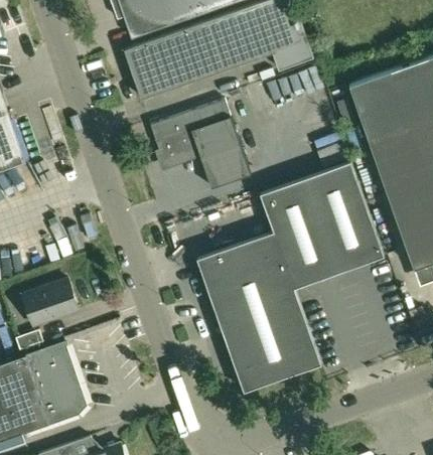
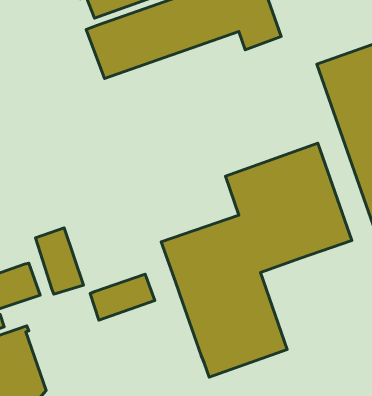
building: [149,101,250,189] -> none
building: none -> [35,228,83,294]
building: none -> [90,274,155,320]

